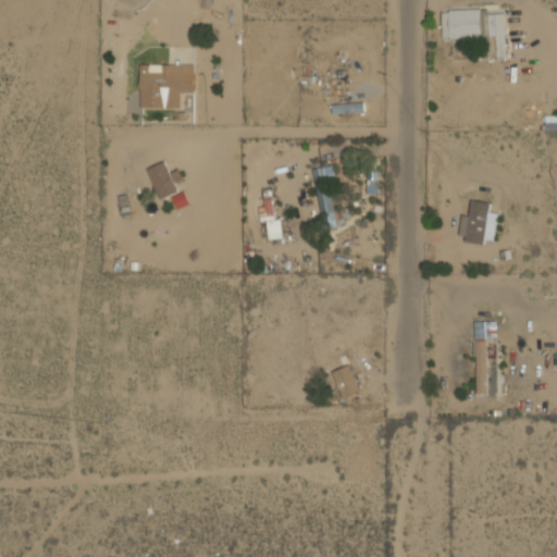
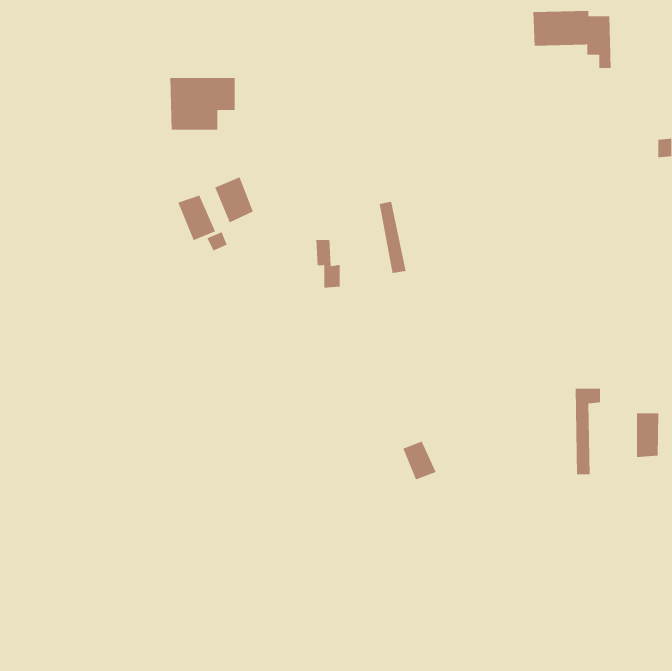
building: none -> [215,177,254,223]
building: [459,201,498,244] -> none
building: none -> [637,412,659,458]

